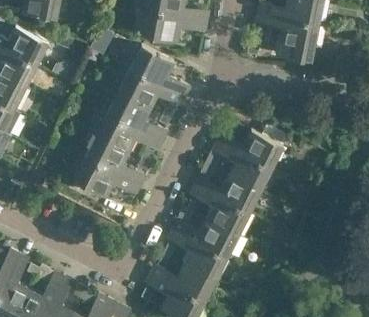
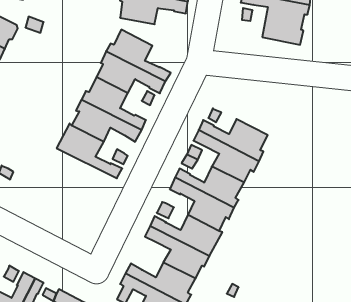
building: [76,157,141,196] -> none

